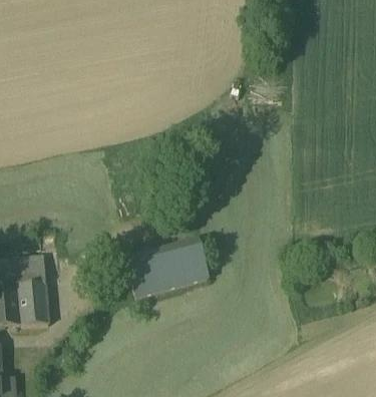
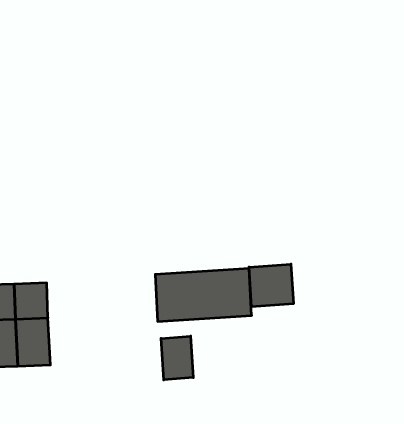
building: none -> [249,264,293,307]
building: none -> [161,336,193,380]

